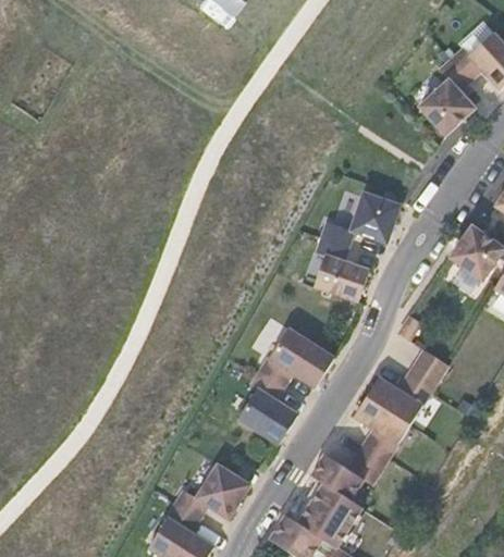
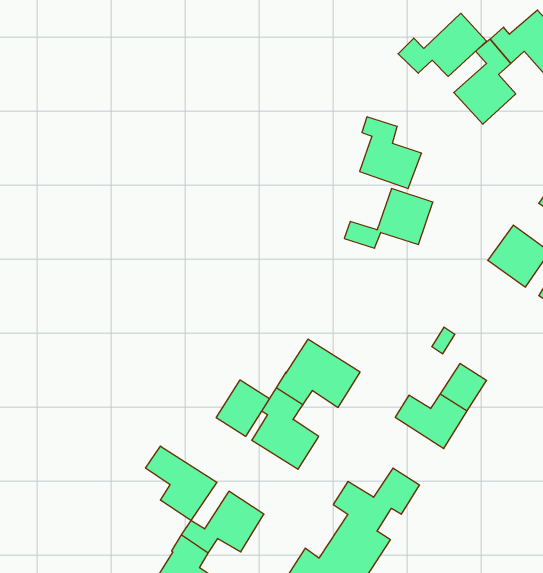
building: none -> [398,13,487,76]
building: [314,236,369,300] -> [360,117,422,188]
building: none -> [216,380,269,436]
building: [353,396,409,457] -> none
building: none -> [146,446,217,520]

